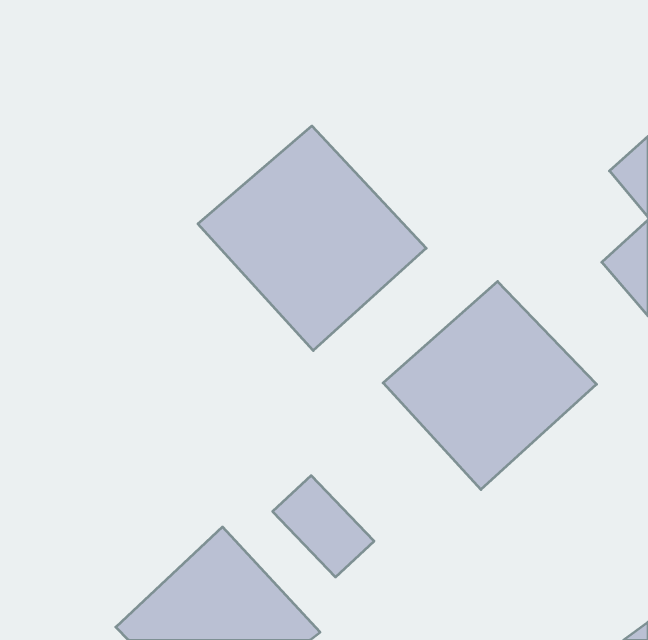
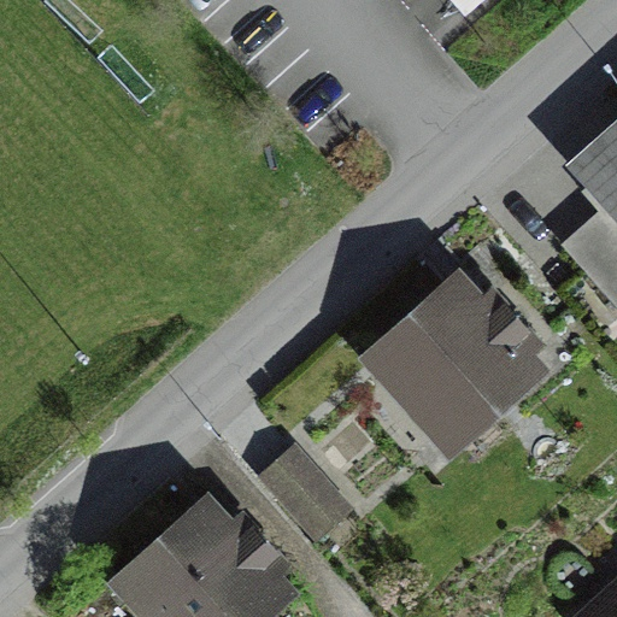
building: [198,126,426,351] -> none

